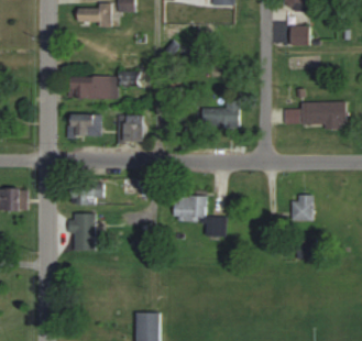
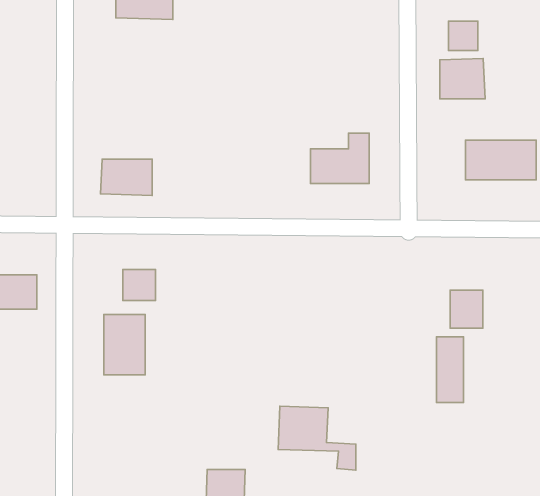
building: none -> [440,58,485,99]
building: [73,75,149,99] -> none
building: [124,114,143,144] -> none
building: [175,194,224,234] -> [278,406,356,470]
building: none -> [437,337,464,402]

